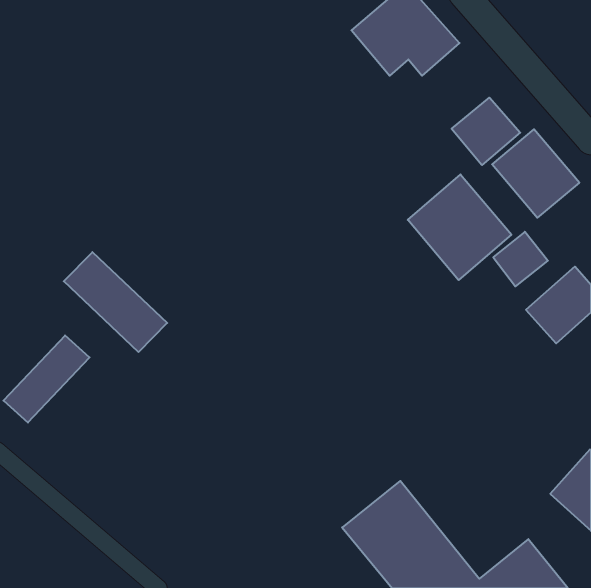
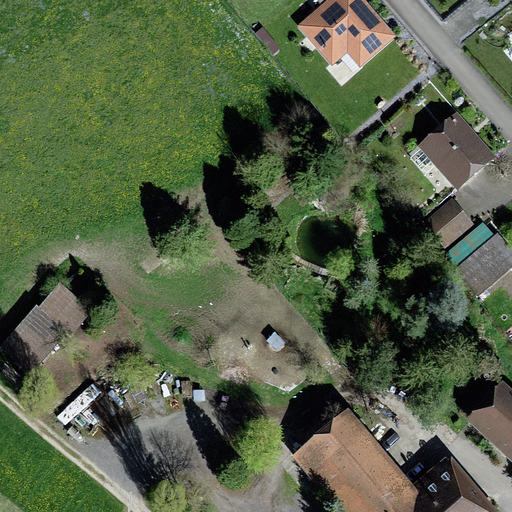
building: [452,98,520,165] -> none
building: [408,174,511,280] -> none
building: [64,252,167,352] -> none

